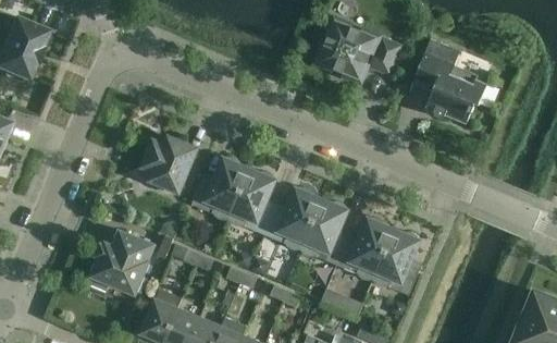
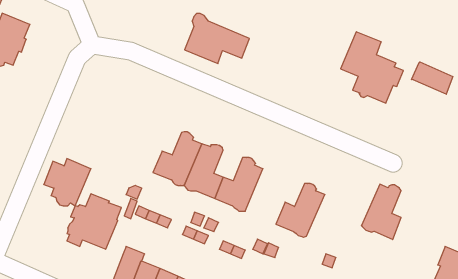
building: [319,17,395,76] -> [185,14,249,64]
building: none -> [412,62,453,94]
building: [140,136,196,192] -> [44,159,91,206]
building: [299,199,346,265] -> none
building: [371,230,418,295] -> [361,184,401,240]

